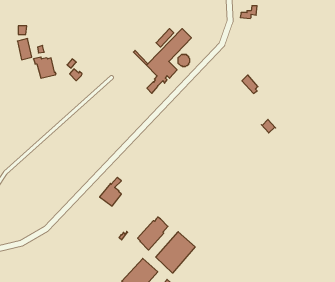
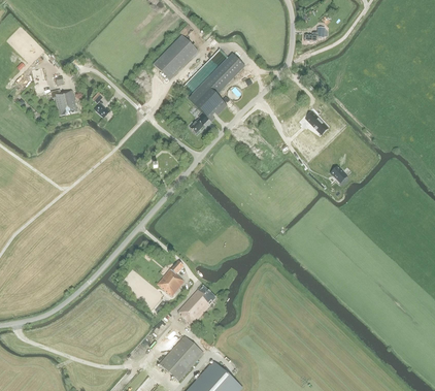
building: none -> [154,34,198,79]
building: [100,177,121,206] -> [157,260,183,295]
building: [156,232,195,273] -> none

